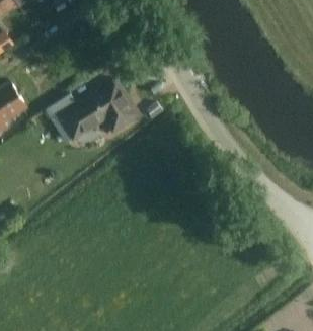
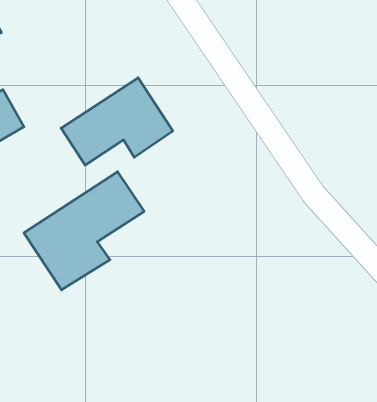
building: none -> [24,172,144,290]

